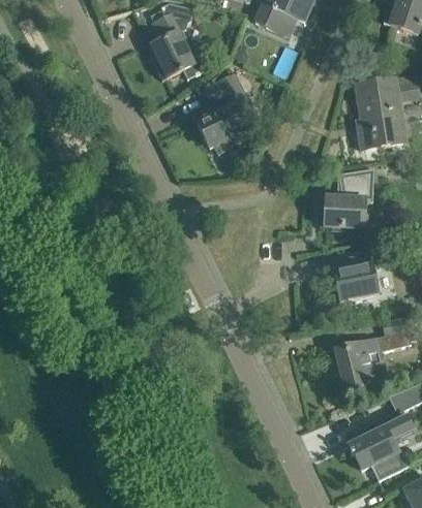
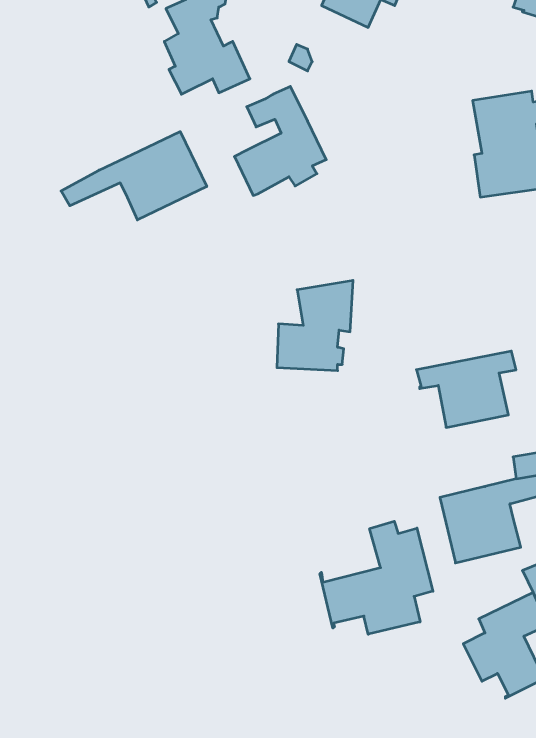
building: none -> [61,132,207,220]
building: [324,171,374,231] -> [277,280,353,371]
building: none -> [320,521,433,634]

